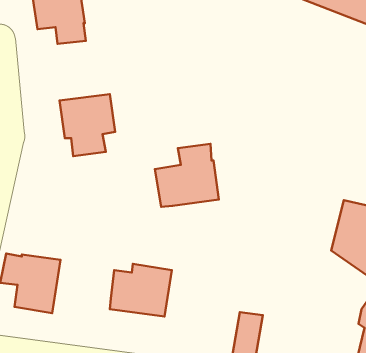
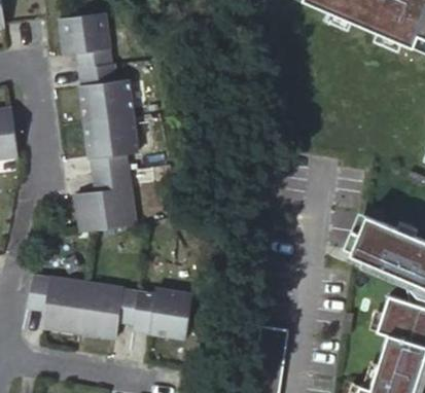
building: none -> [79,63,135,121]
building: [155,144,219,207] -> [76,172,139,234]
building: none -> [78,278,139,334]

